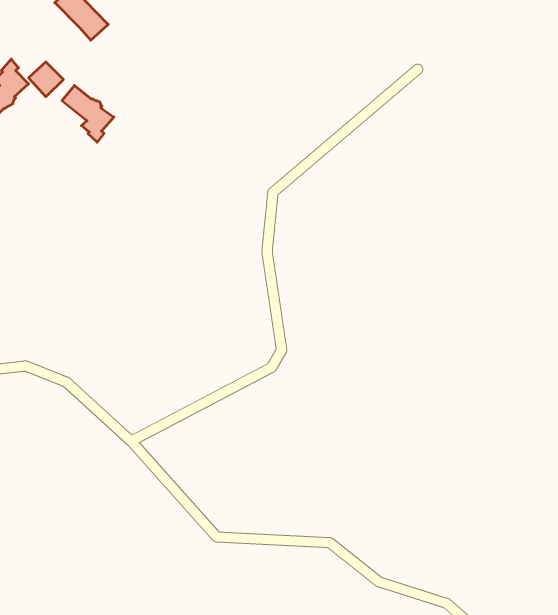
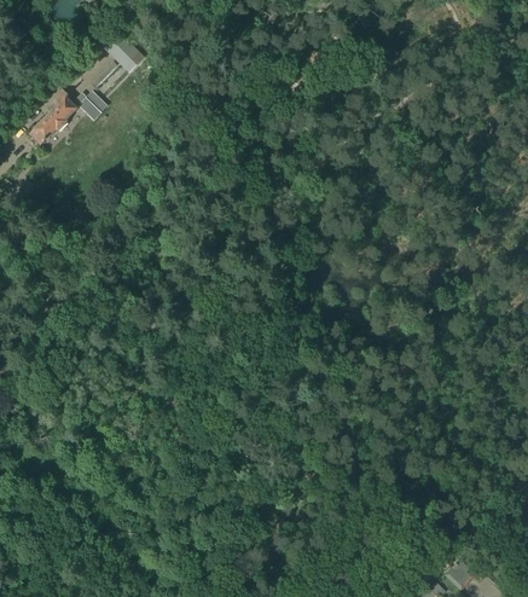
building: [62,85,114,142] -> none

